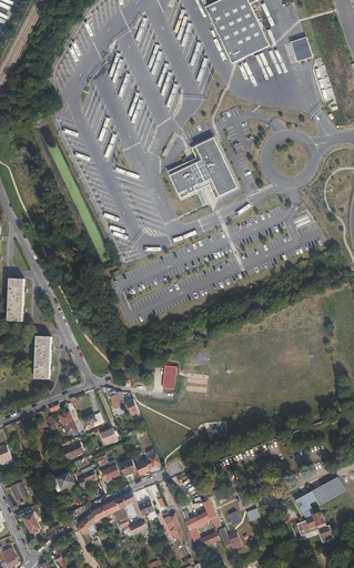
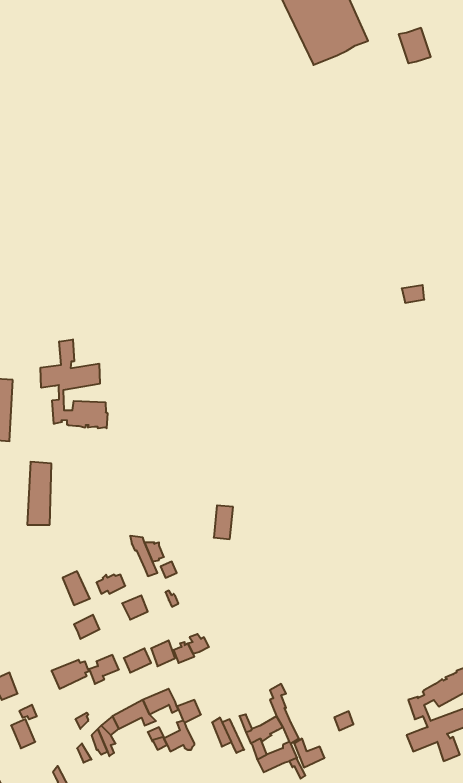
building: [166,138,236,197] -> none
building: none -> [41,339,107,428]

